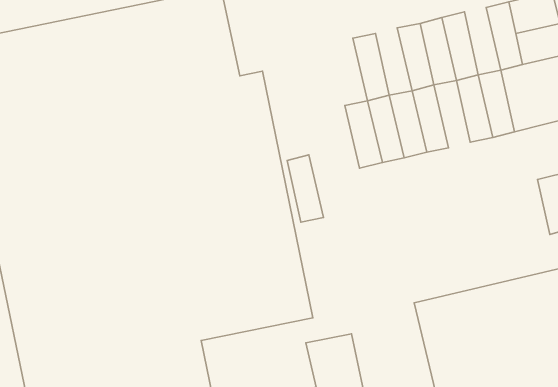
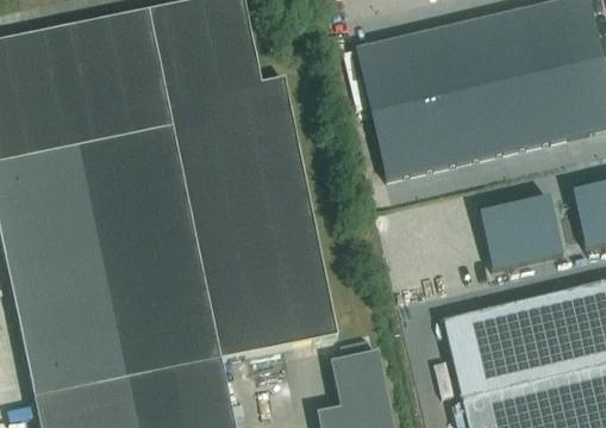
building: none -> [495,10,533,80]
building: none -> [402,31,441,101]
building: none -> [463,86,501,156]
building: [287,155,324,222] -> [356,42,394,112]
building: none -> [479,196,563,268]

